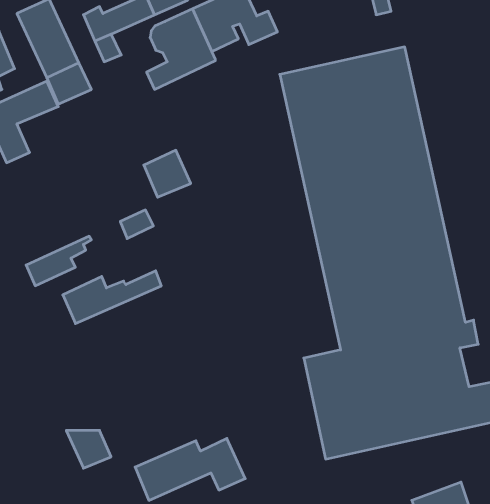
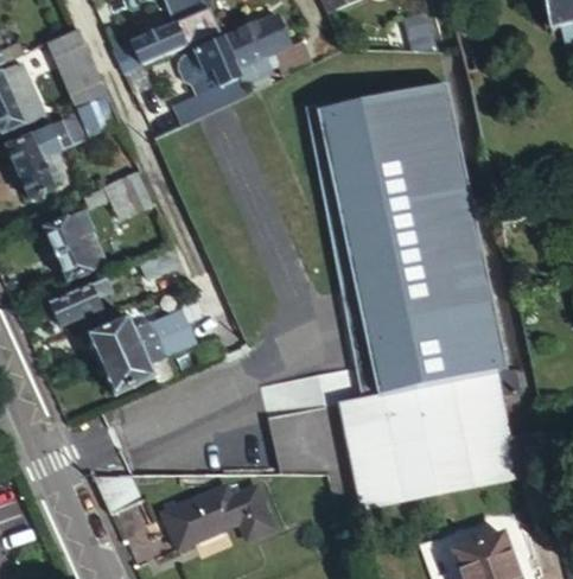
building: [144,150,191,197] -> [107,170,155,218]
building: none -> [43,209,100,281]
building: none -> [102,325,197,395]

